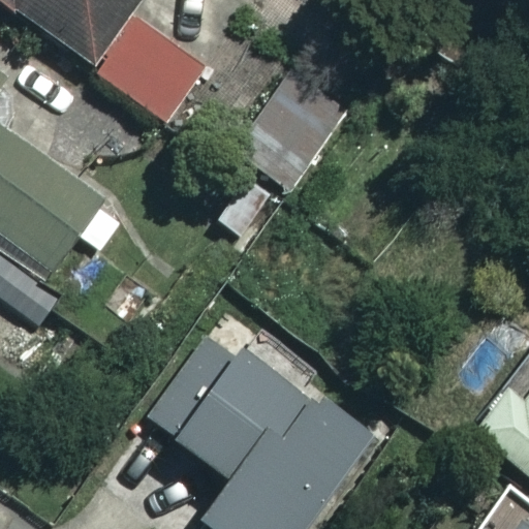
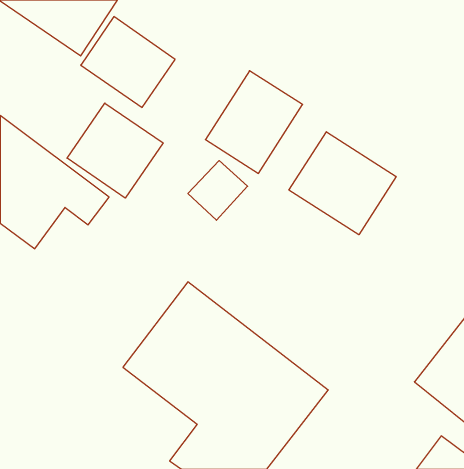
building: none -> [67,103,163,198]
building: none -> [289,132,396,235]

